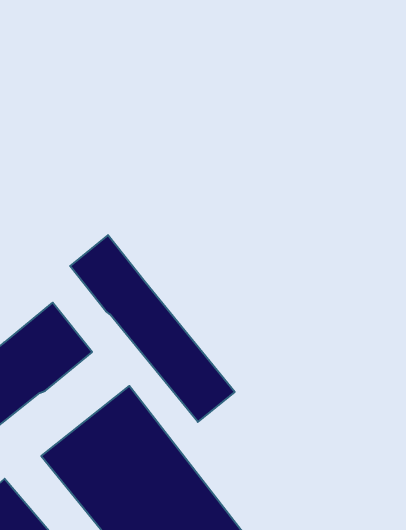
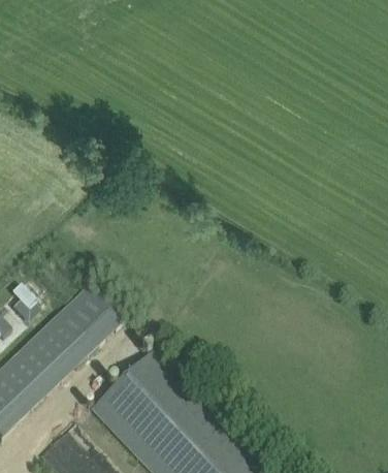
building: [70,235,235,422] -> none

